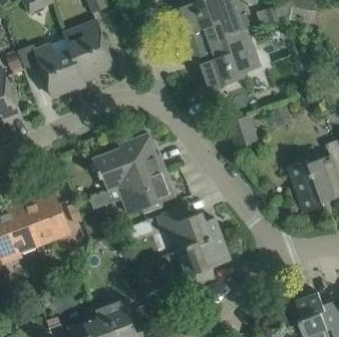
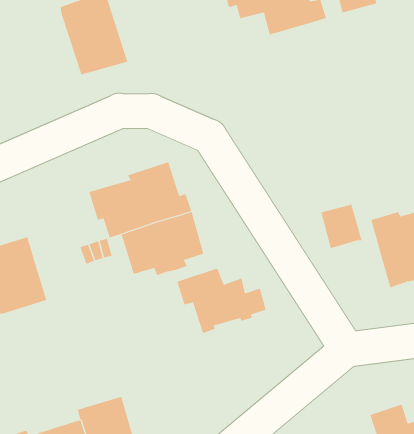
building: [201,32,260,90] -> none
building: [35,37,85,96] -> none
building: [228,115,258,147] -> [321,204,363,249]
building: [177,233,230,295] -> none

